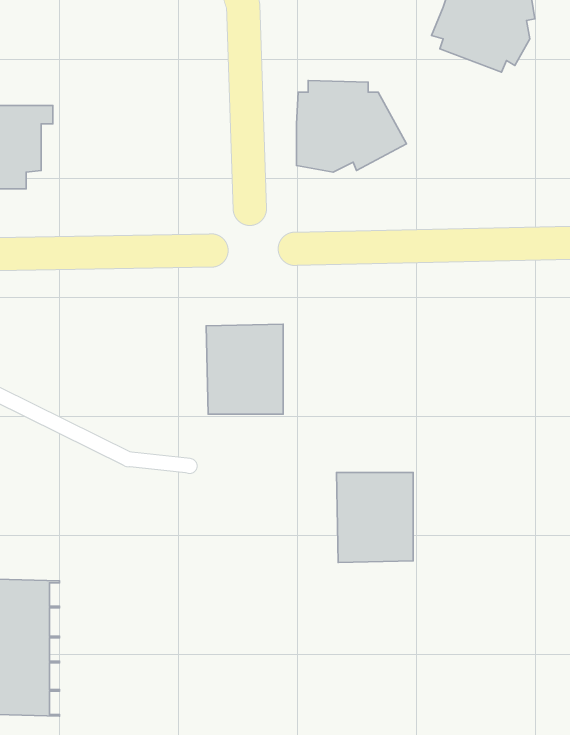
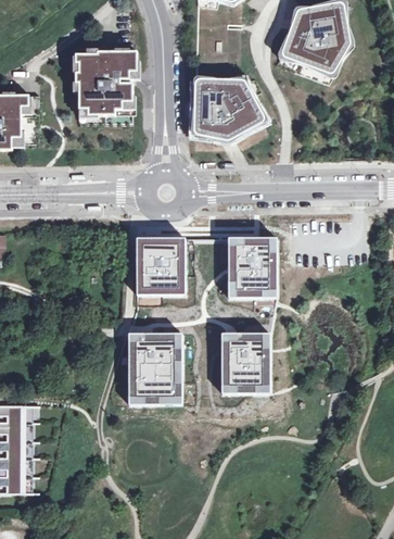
building: none -> [75,42,136,114]
building: none -> [227,237,277,294]
building: none -> [127,333,181,403]

